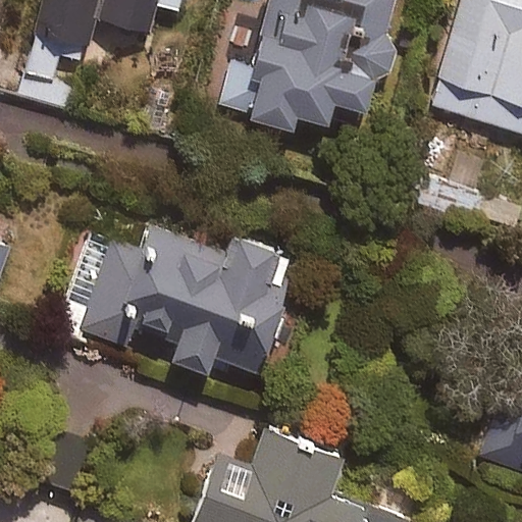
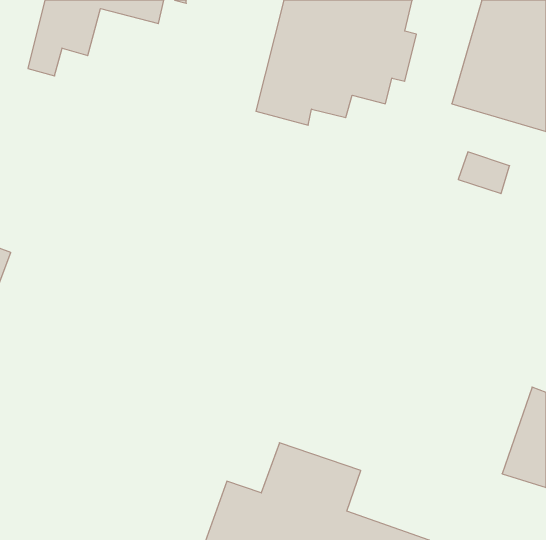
building: [83,230,299,376] -> none

